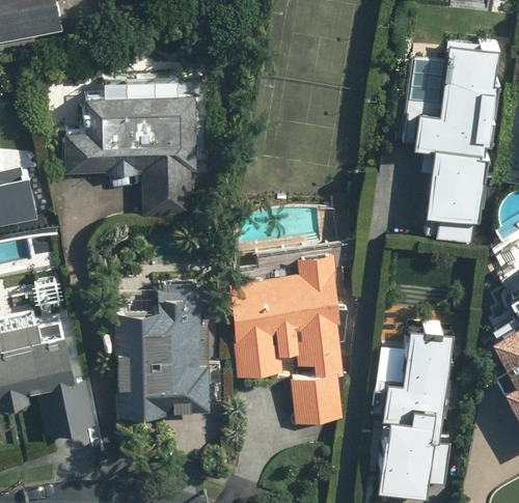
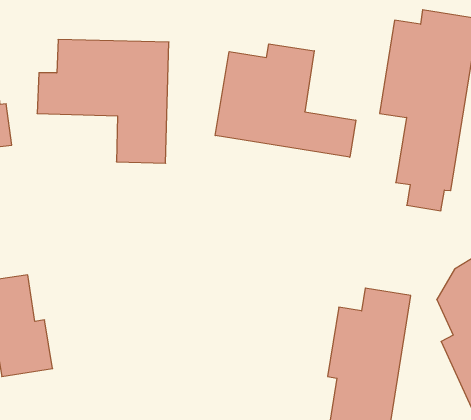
building: none -> [215,44,356,157]
building: [227,256,350,425] -> none
building: [110,288,208,420] -> none

